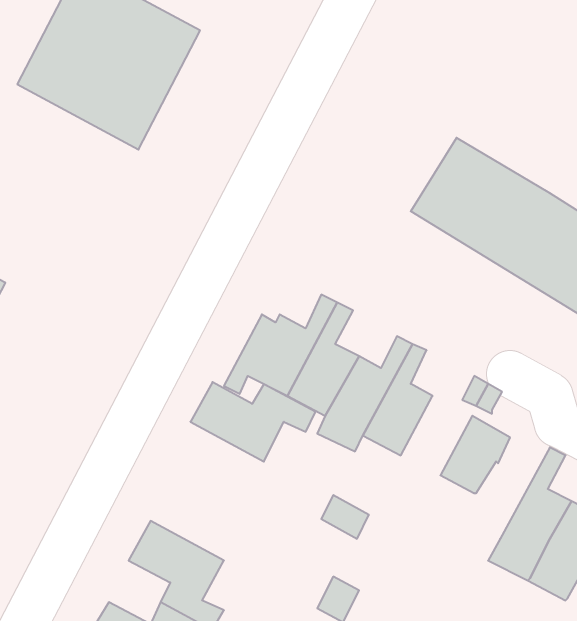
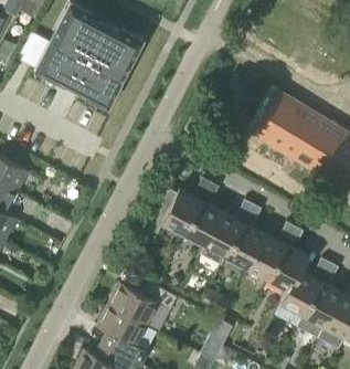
building: [190,382,316,462] -> [108,284,178,328]
building: none -> [247,236,287,281]
building: none -> [280,261,330,316]

